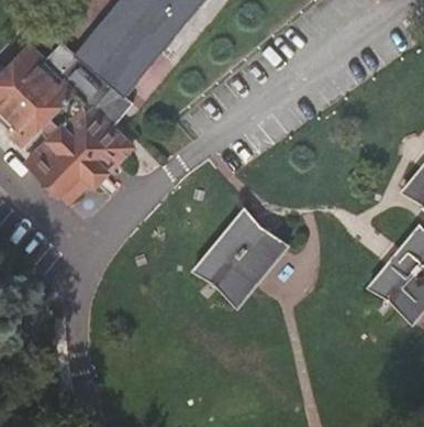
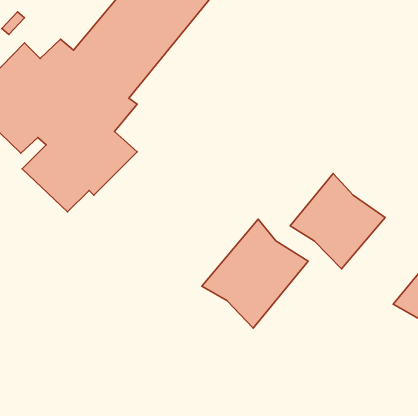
building: none -> [290,173,385,269]

